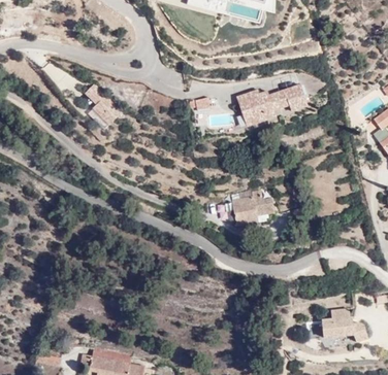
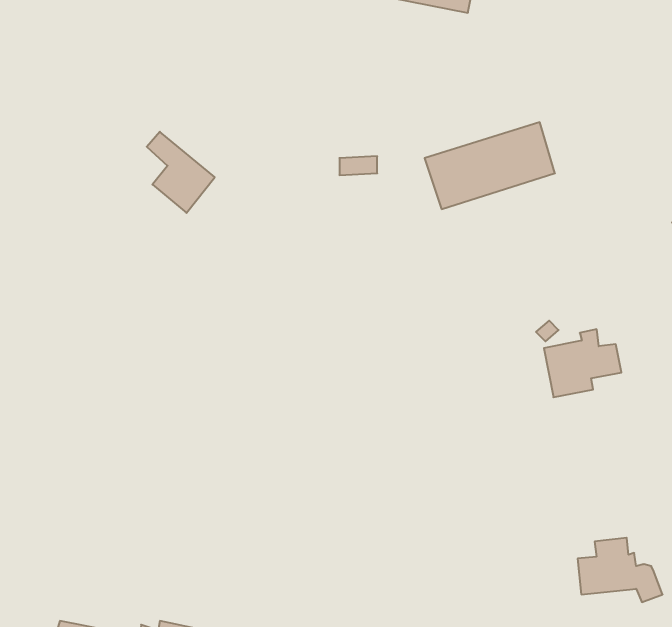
building: [231,187,273,225] -> [544,329,621,397]

